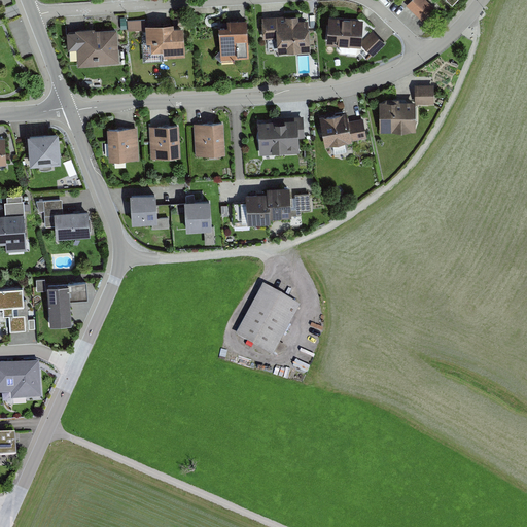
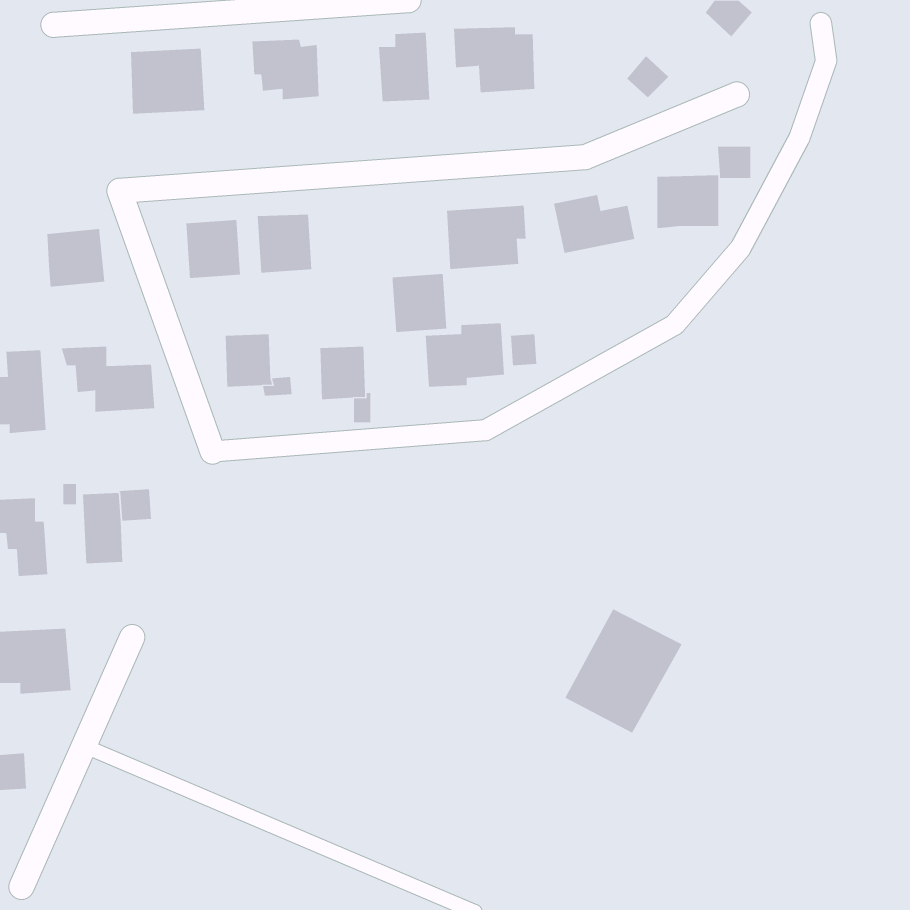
building: [324,17,361,48] -> none
building: [194,122,225,156] -> [392,274,447,332]
building: [233,287,301,359] -> [565,609,682,734]

